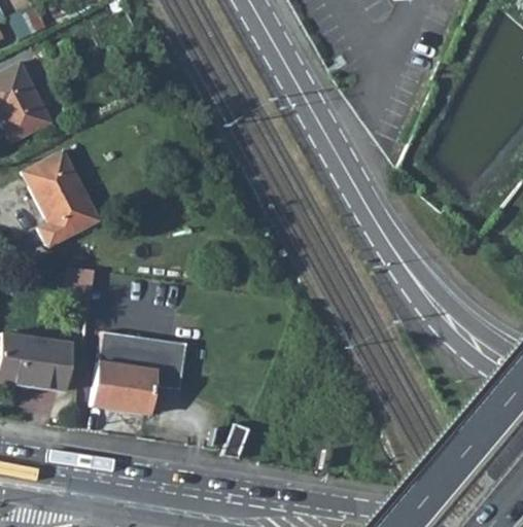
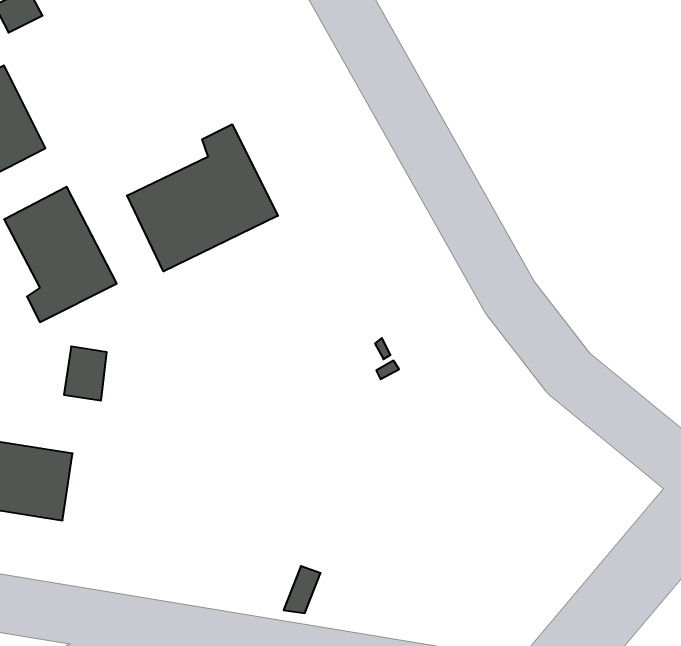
building: none -> [127,124,278,271]
building: [92,329,186,413] -> none

